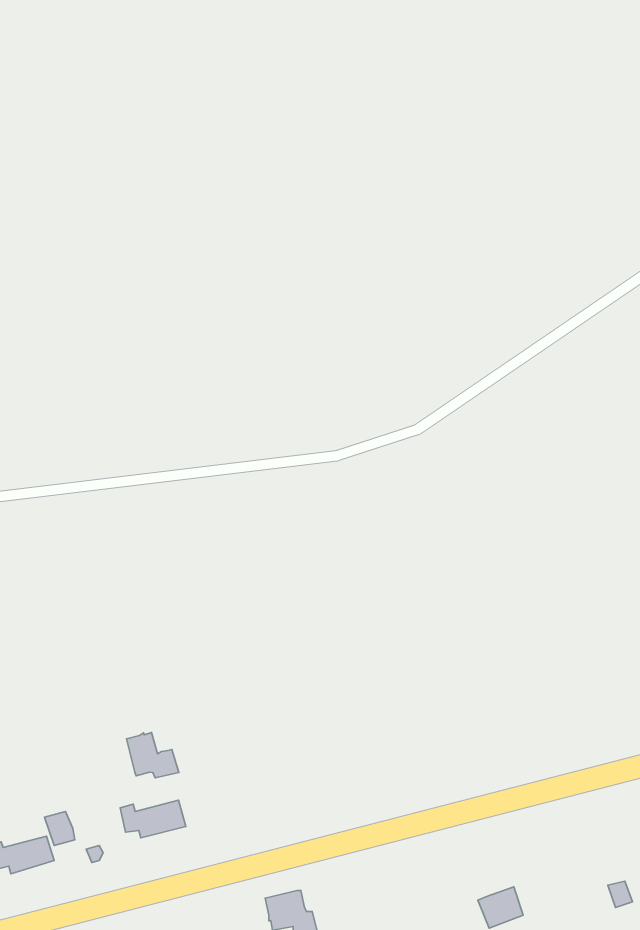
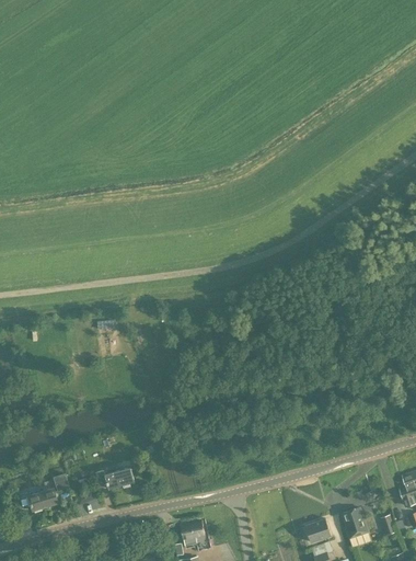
building: [126,733,179,778] -> none
building: none -> [343,506,367,537]

